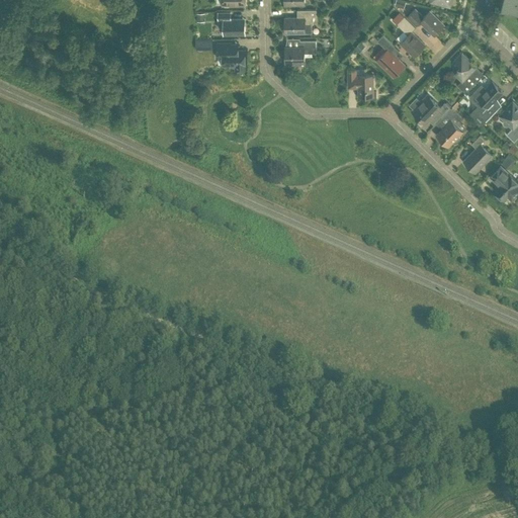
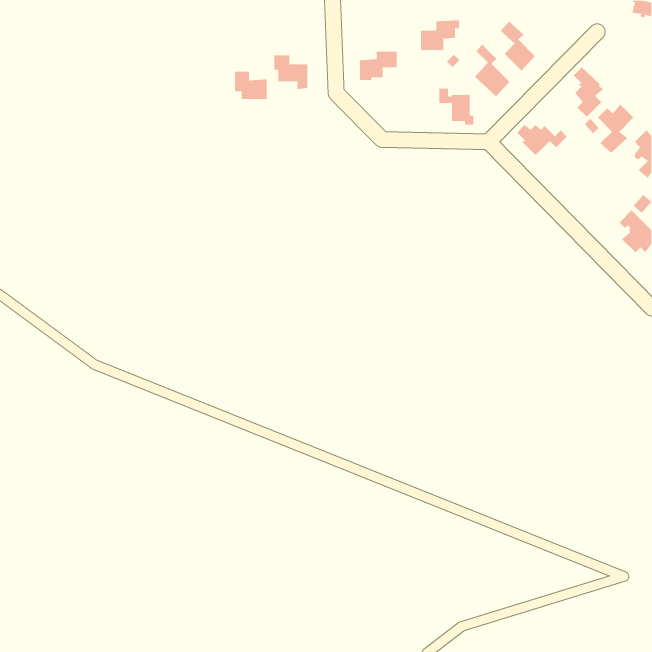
building: [284,10,316,34] -> [420,20,460,51]
building: [406,10,443,36] -> none
building: [218,13,244,35] -> [234,71,268,99]
building: [435,108,462,147] -> none
building: [462,136,491,173] -> none

